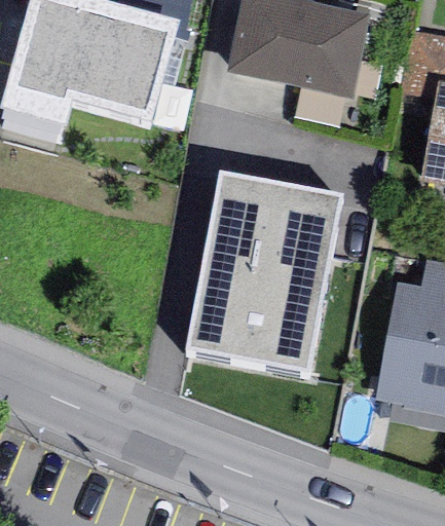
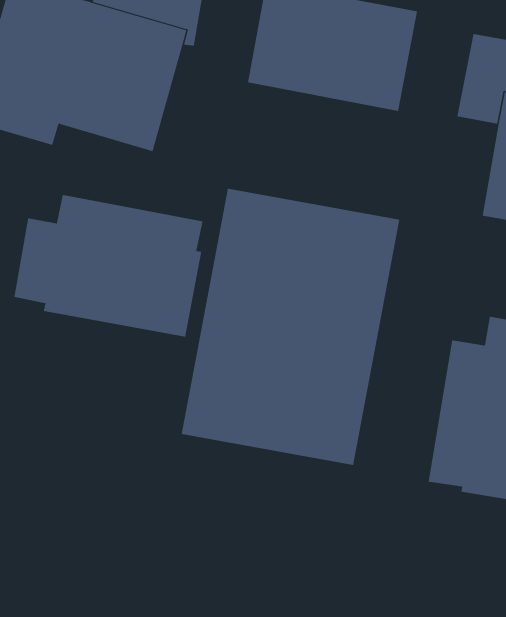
building: none -> [14,194,203,337]

